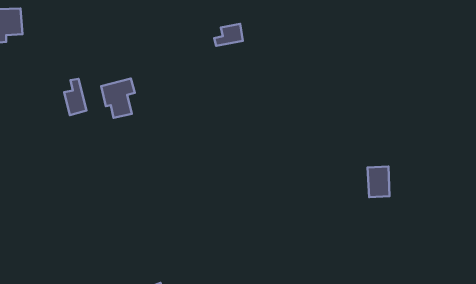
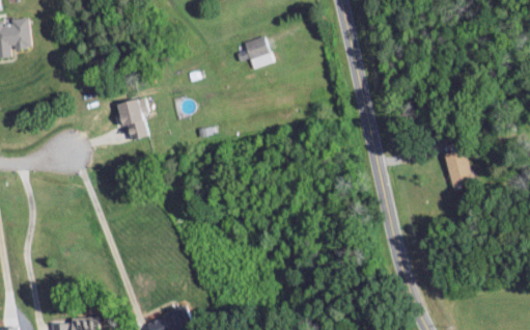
building: [64,79,87,115] -> none
building: [367,166,389,197] -> [449,152,473,185]

